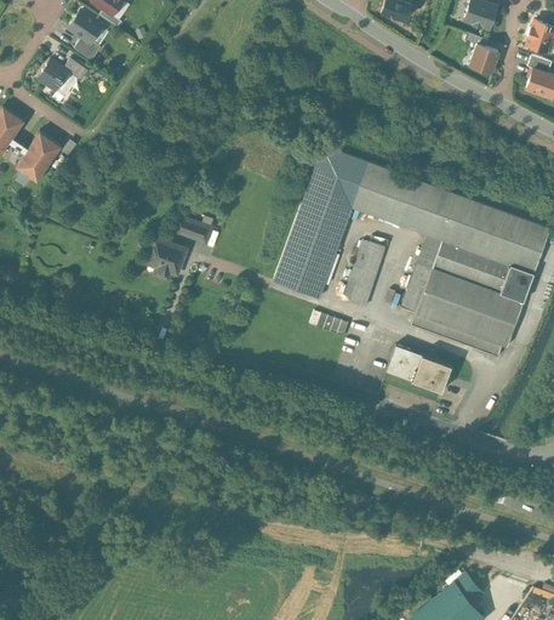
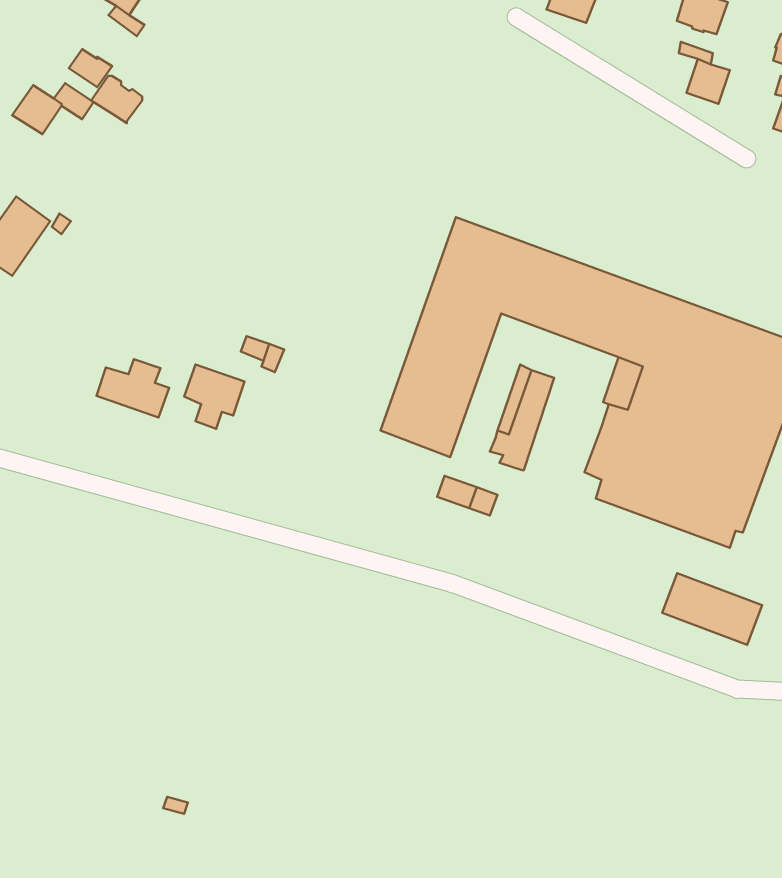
building: [69,12,102,42] -> [91,76,142,123]
building: none -> [96,359,169,417]
building: [387,345,451,391] -> [662,573,762,645]

